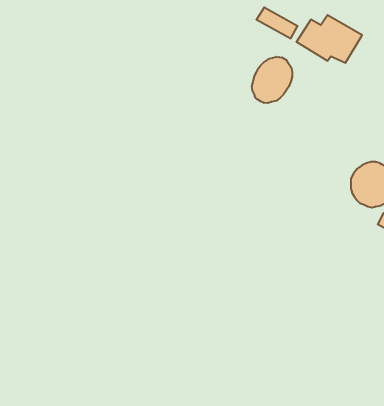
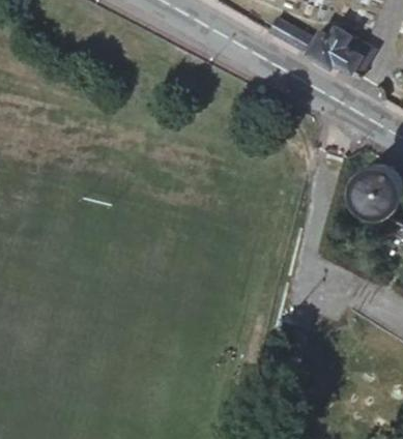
building: [252,57,292,103] -> none

